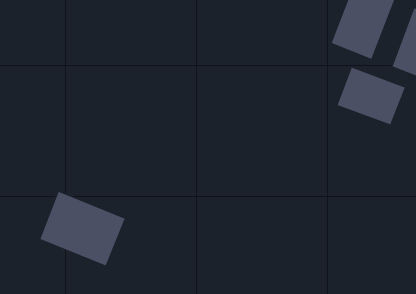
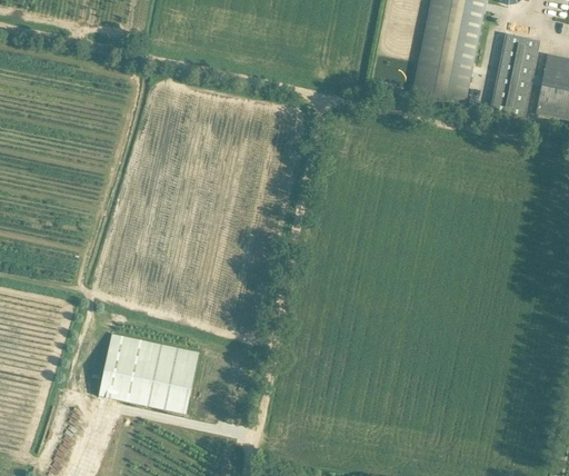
building: [337,67,406,125] -> none

